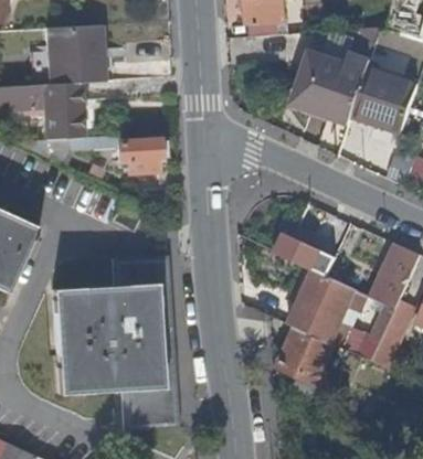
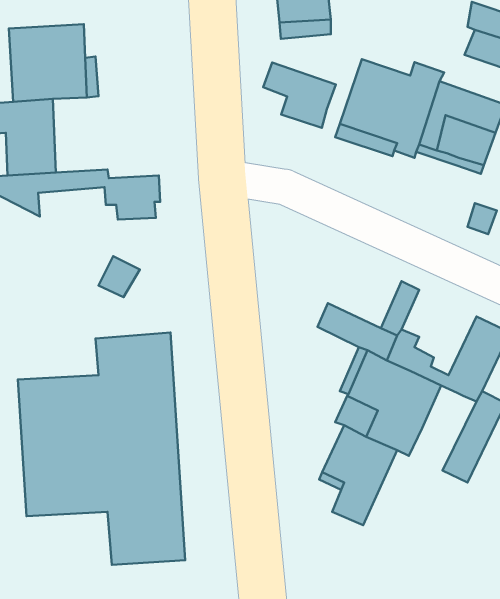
building: none -> [263,63,336,128]
building: [345,302,395,359] -> none

